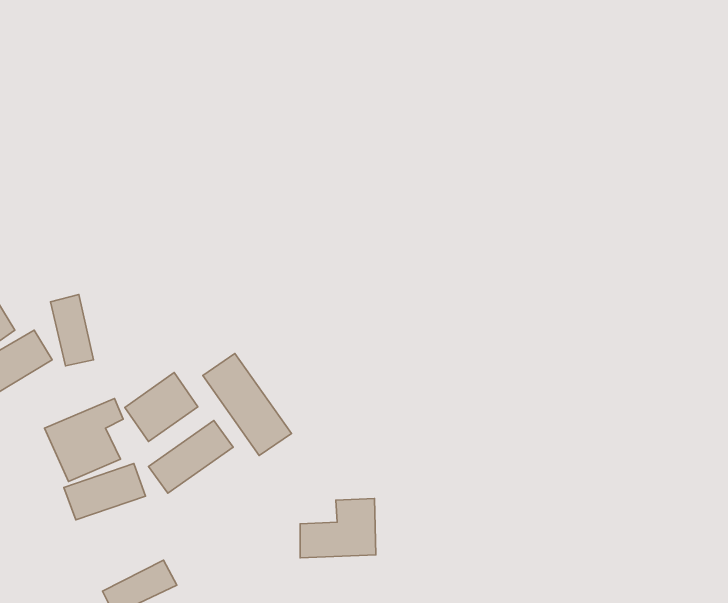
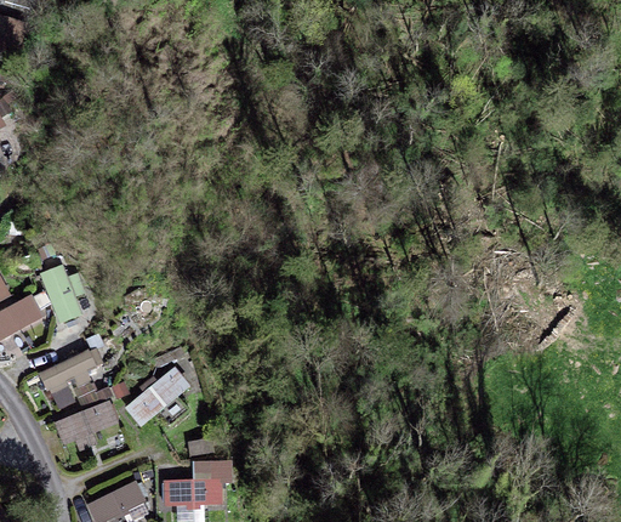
building: [203,354,291,455] -> none
building: [125,373,198,442] -> none
building: [300,499,376,558] -> [163,459,224,507]

